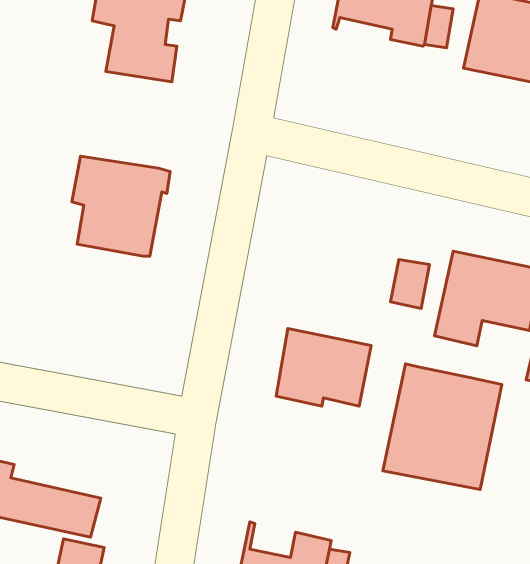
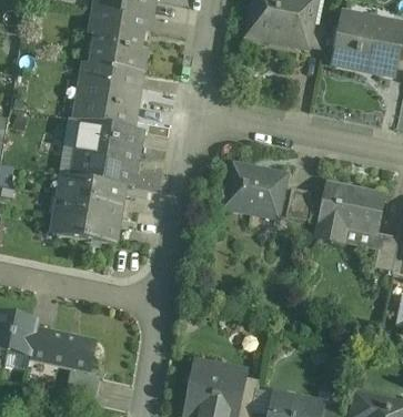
building: none -> [75,61,142,126]
building: none -> [56,174,123,243]
building: [276,328,371,406] -> [224,162,286,213]
building: [383,364,502,490] -> none

